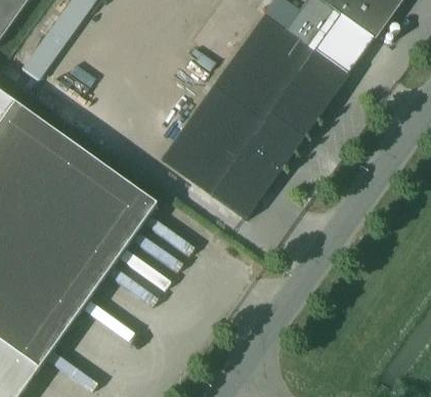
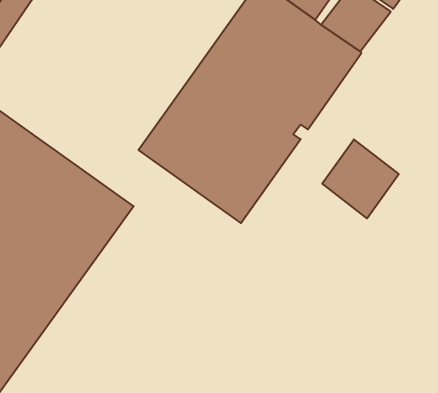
building: none -> [322,139,399,218]

